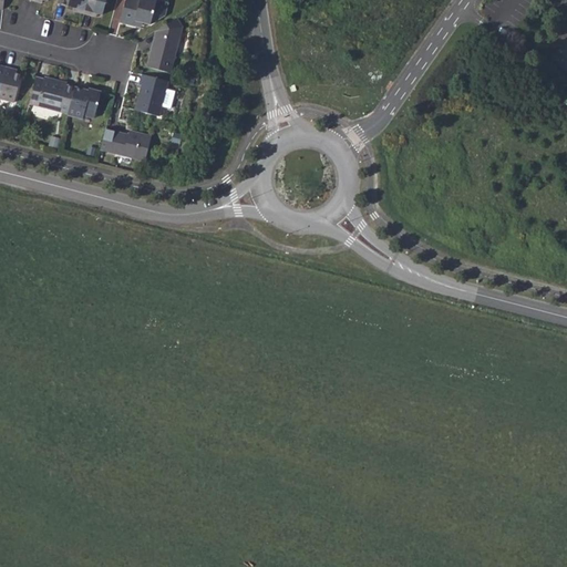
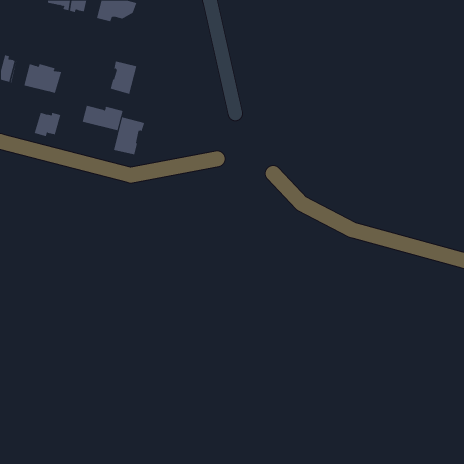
building: [146,17,183,73] -> none
building: [68,89,101,118] -> [34,112,61,137]
building: none -> [113,117,145,155]

